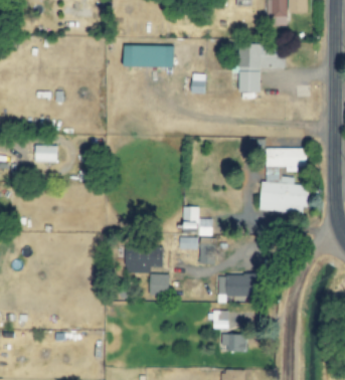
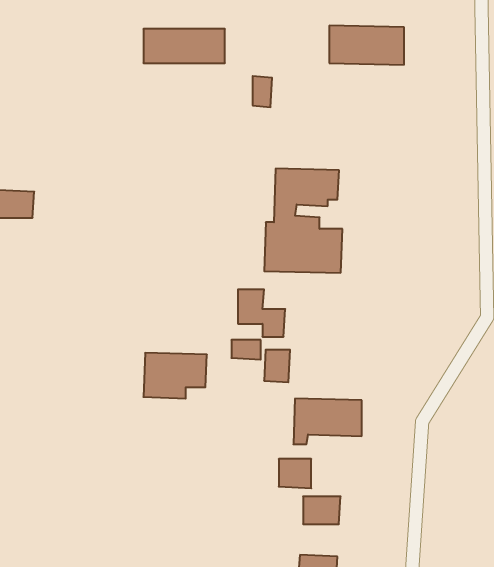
building: [239,70,262,92] -> none
building: [260,147,308,211] -> [264,169,342,273]
building: [150,274,170,295] -> none

